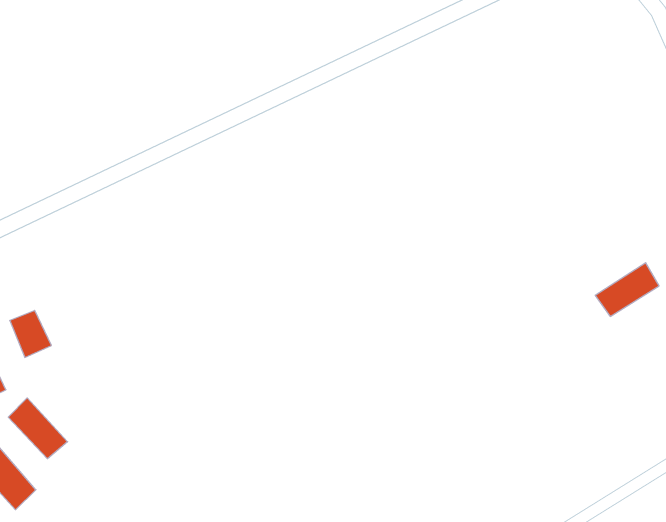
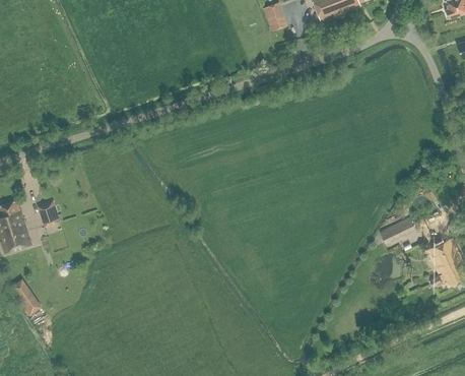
building: [8,398,68,459] -> none

